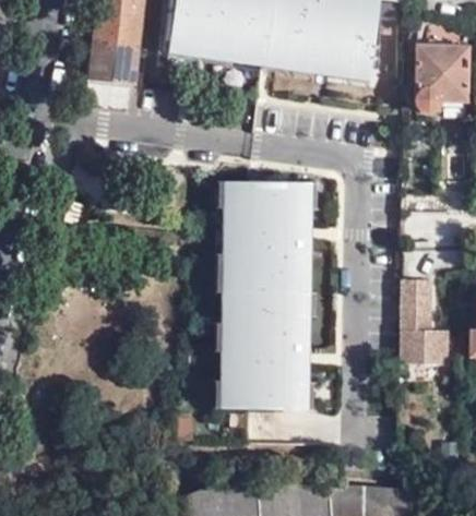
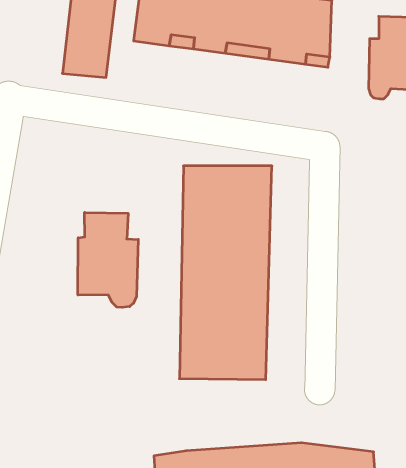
building: none -> [78,212,138,307]
building: [401,281,448,367] -> none

